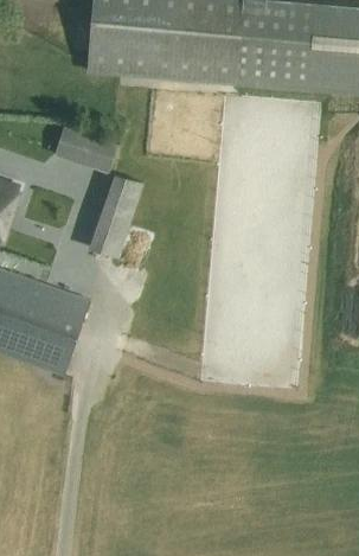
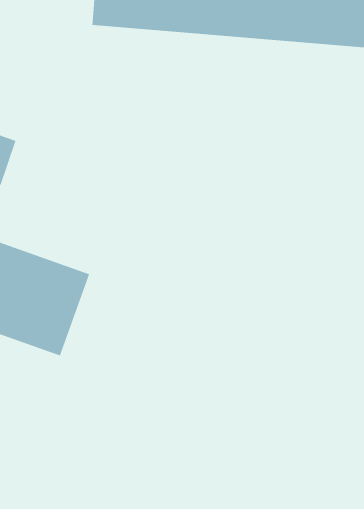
building: [53,127,117,172] -> none
building: [86,192,139,269] -> none

